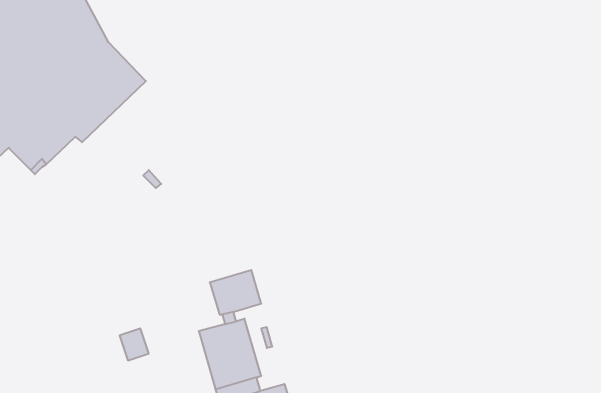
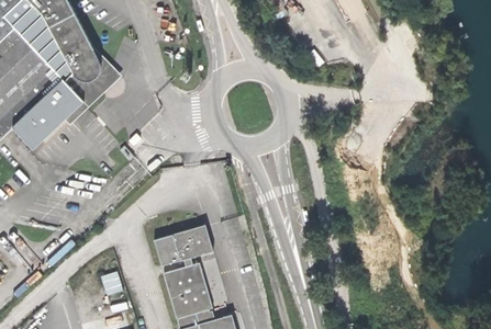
building: none -> [154,235,179,265]

